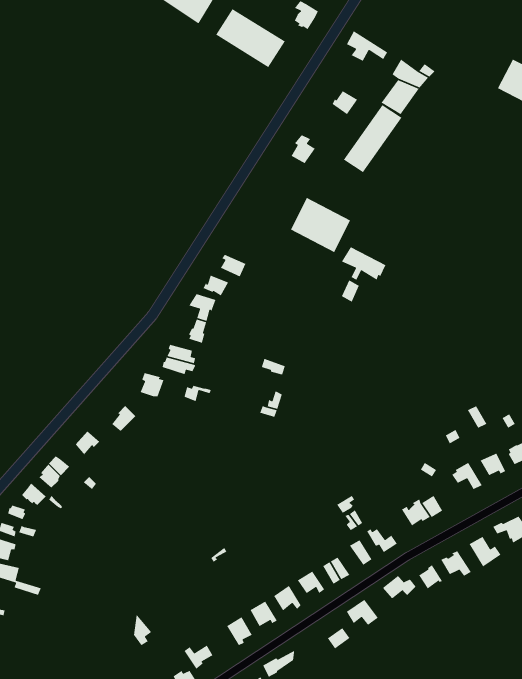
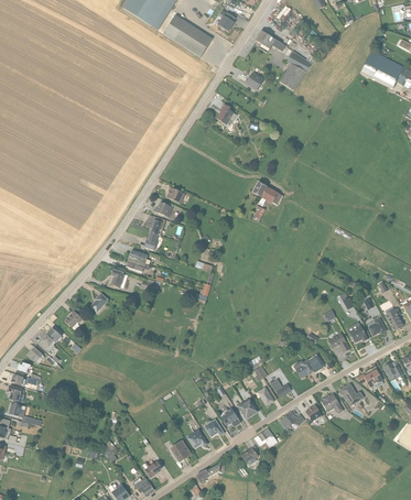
building: [343,104,402,173] -> none
building: [290,197,351,253] -> none

